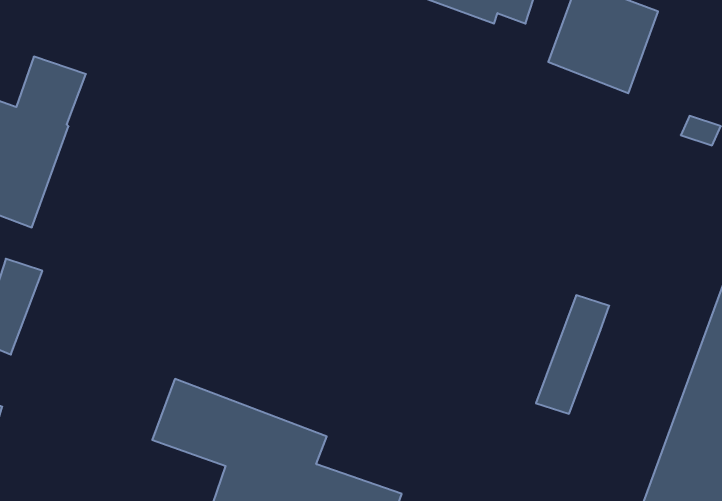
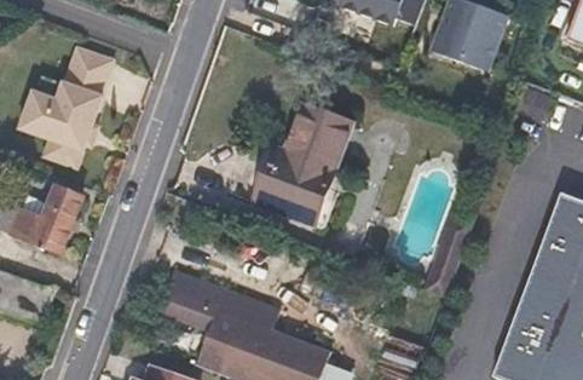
building: none -> [255,103,352,221]

